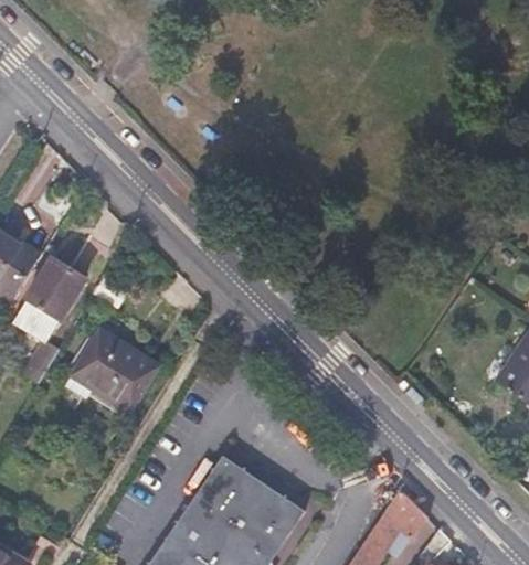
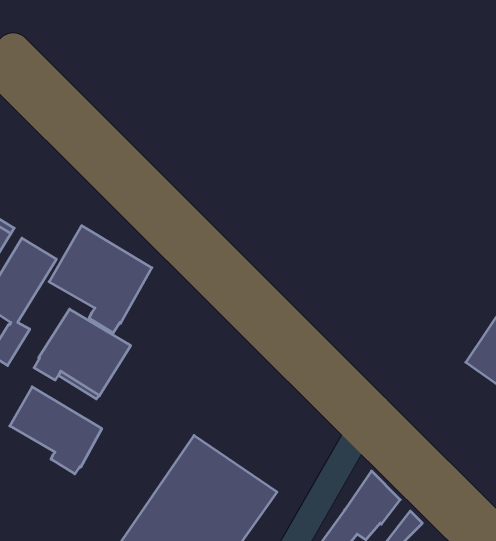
building: none -> [49,226,152,333]
building: none -> [10,387,102,474]

